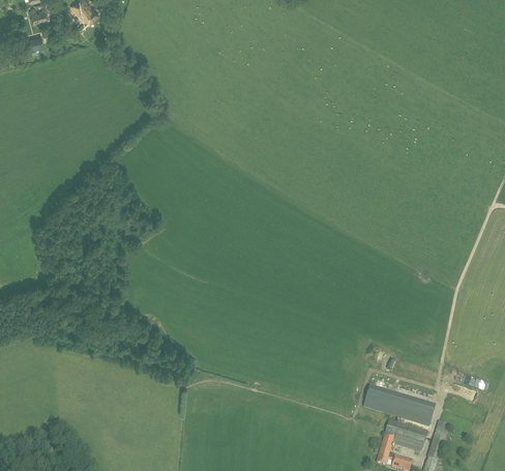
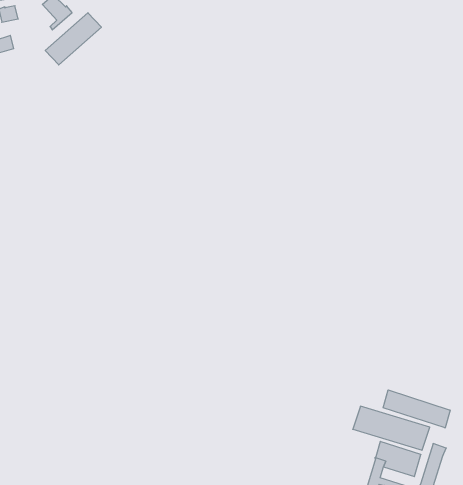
building: none -> [45,13,101,65]
building: none -> [383,390,450,428]

